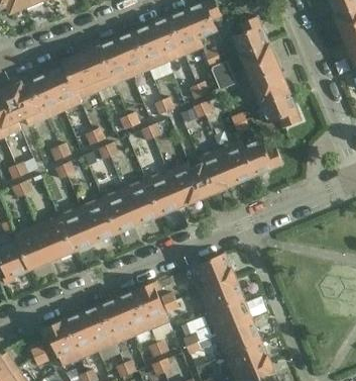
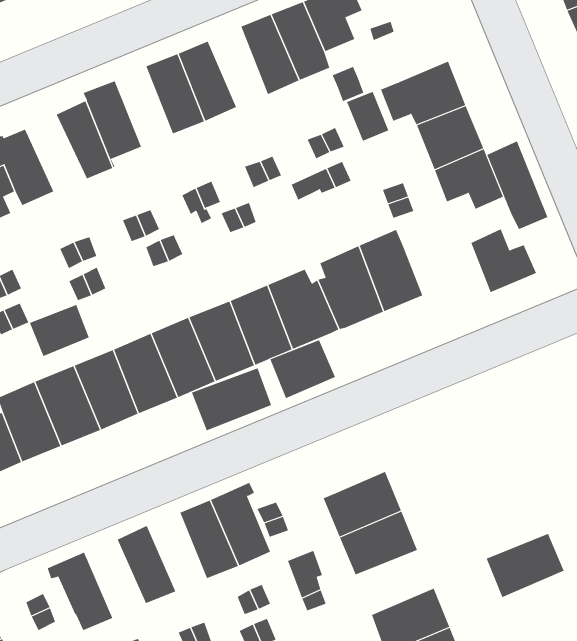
building: [232,17,268,56] -> none
building: [133,24,166,70] -> none
building: [81,46,113,92] -> none
building: [30,74,65,117] -> none
building: none -> [487,140,548,230]
building: [243,139,280,176] -> [471,228,537,293]
building: none -> [29,304,89,357]
building: none -> [191,368,272,431]
building: [196,254,233,287] -> [269,340,336,399]
building: [99,298,132,343] -> none
building: [64,313,98,358] -> none
building: [216,319,260,356] -> [486,533,565,598]

